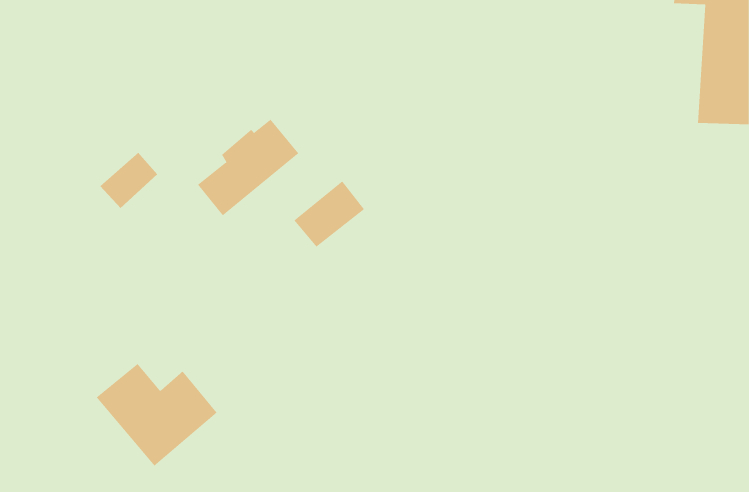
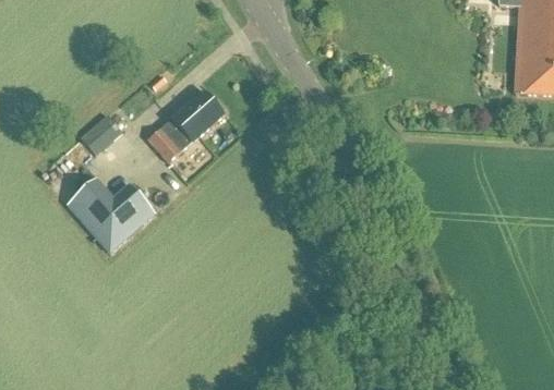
building: [293,180,365,248] -> none
building: [96,363,217,467] -> [67,175,155,251]

